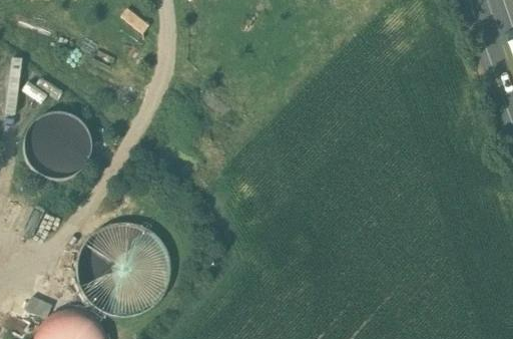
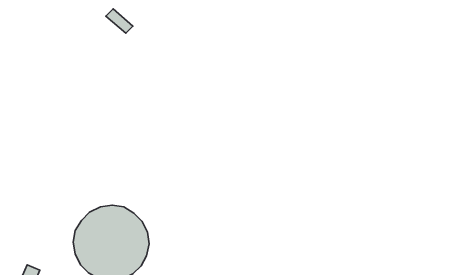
building: [29,108,97,183] -> none

